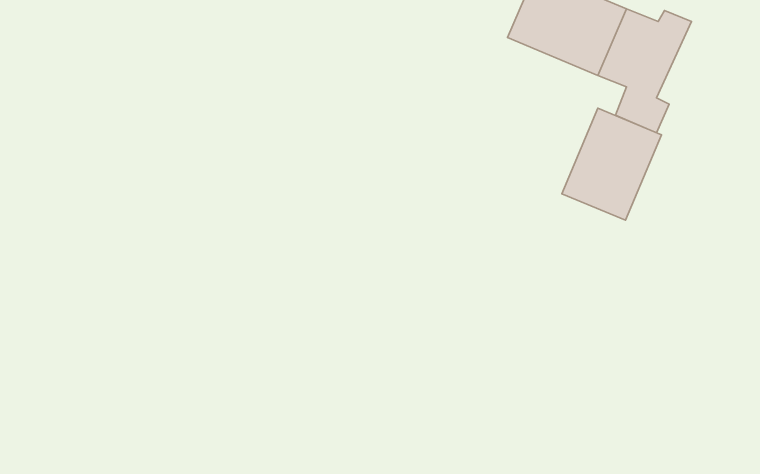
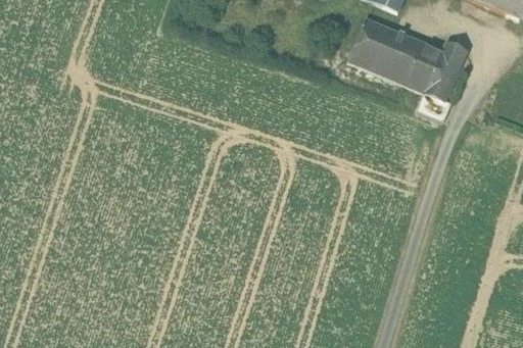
building: [562,108,662,220] -> none

